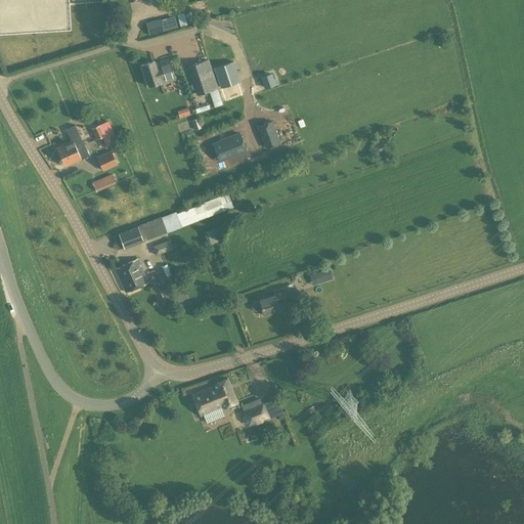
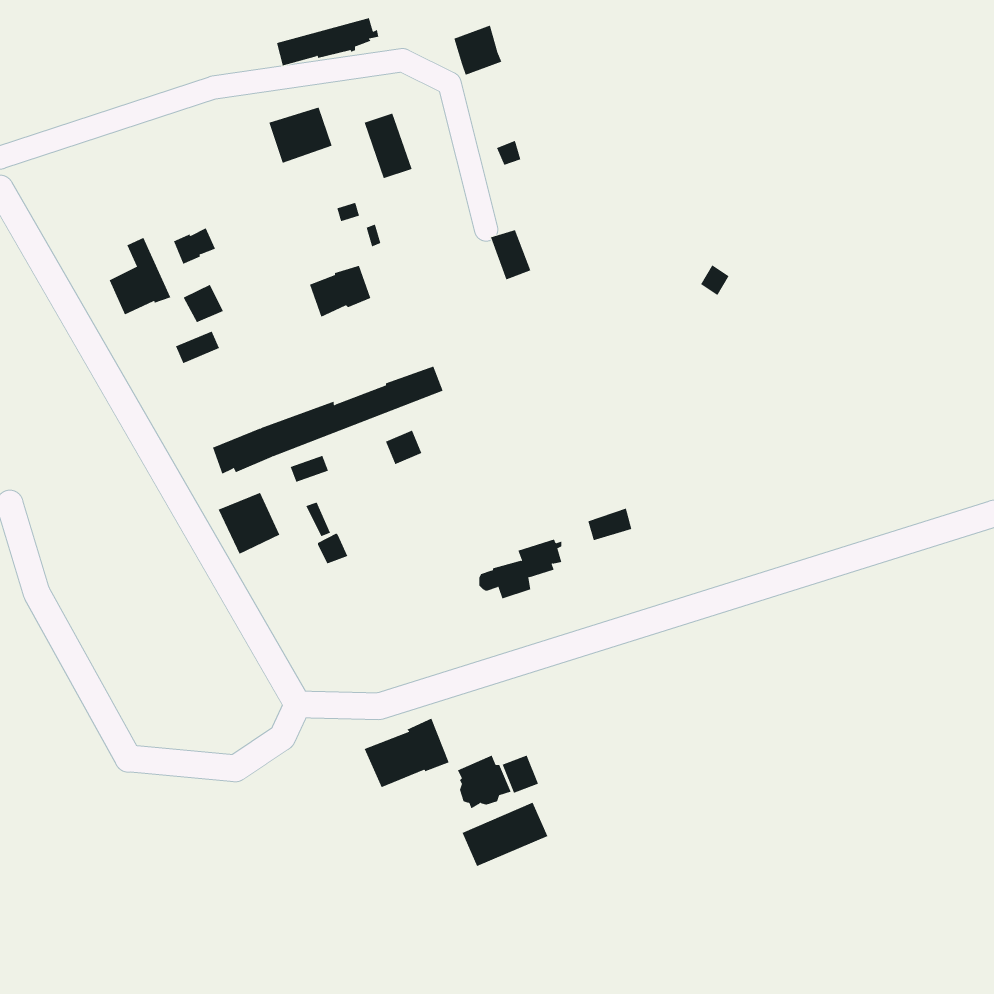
building: [214,60,239,87] -> [453,25,502,76]
building: [213,133,246,161] -> [309,265,371,318]
building: none -> [462,802,548,867]

